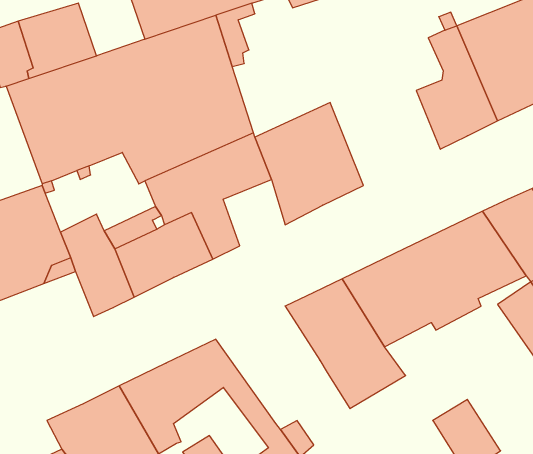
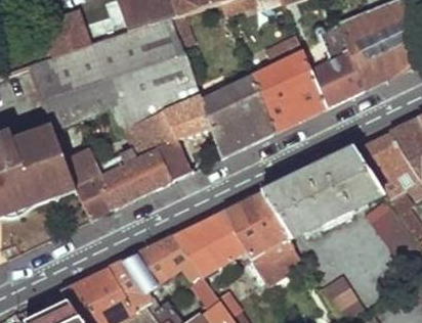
building: none -> [251,34,326,130]
building: none -> [173,212,244,291]

